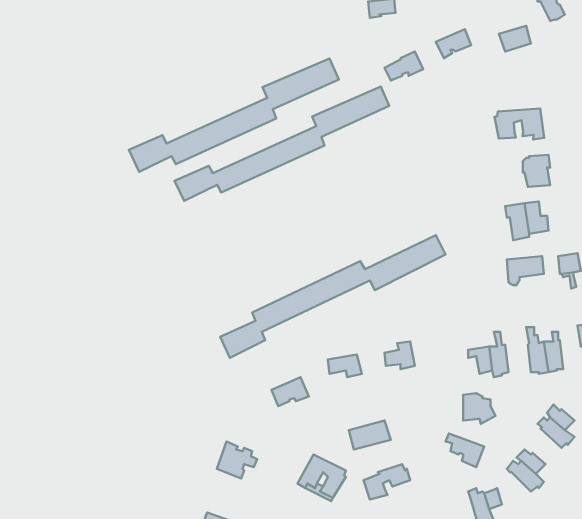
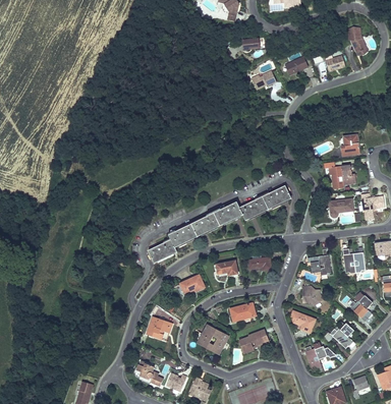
building: [129,58,339,172] -> none
building: [174,87,389,201] -> none
building: [495,108,544,139] -> none

